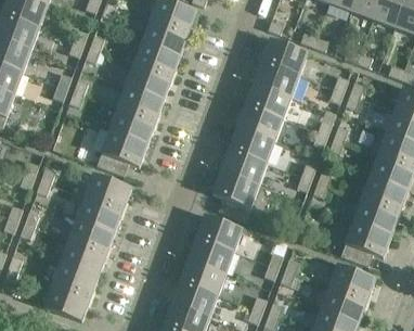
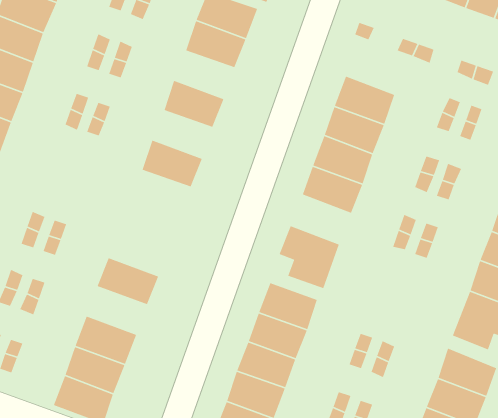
building: [262,38,308,74] -> none
building: [134,41,180,77] -> none
building: [118,86,164,122] -> none
building: [98,130,147,175] -> none
building: [221,149,267,186] -> none
building: [86,173,131,209] -> none
building: [69,217,115,253] -> none

